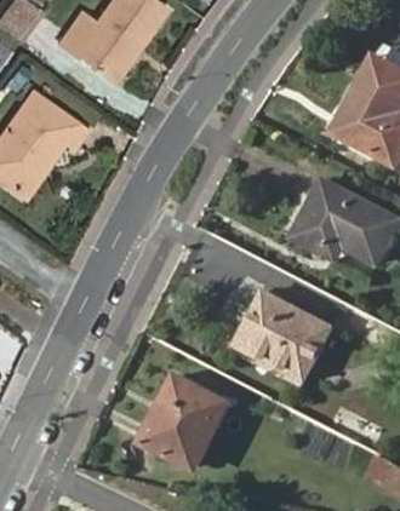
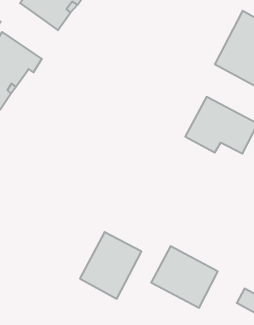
building: [238,291,333,379] -> [151,246,218,308]

